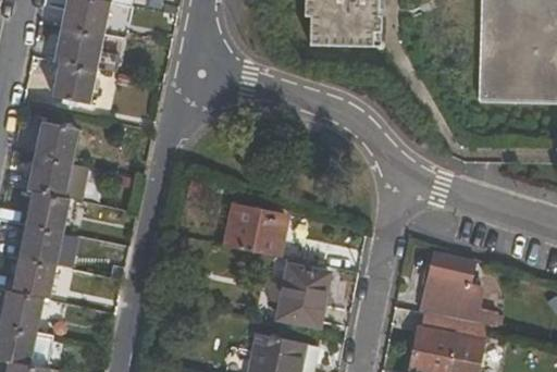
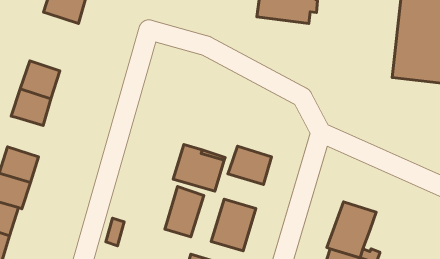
building: [52,62,97,102] -> none
building: [25,190,71,235] -> none
building: none -> [228,146,271,184]
building: none -> [165,186,204,237]

